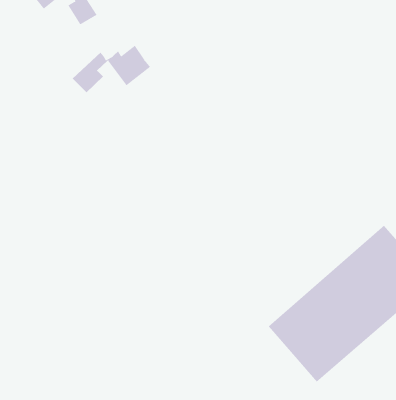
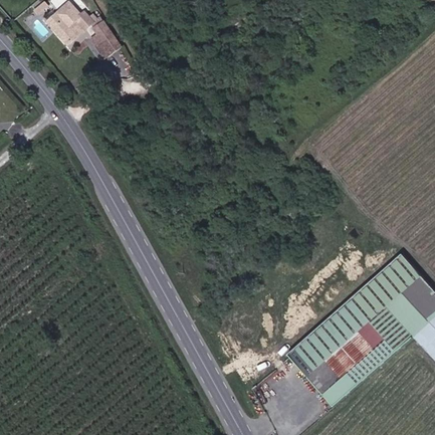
building: [72,45,151,93] -> none

